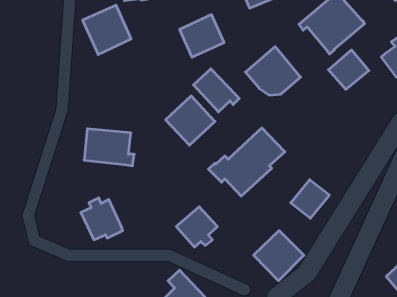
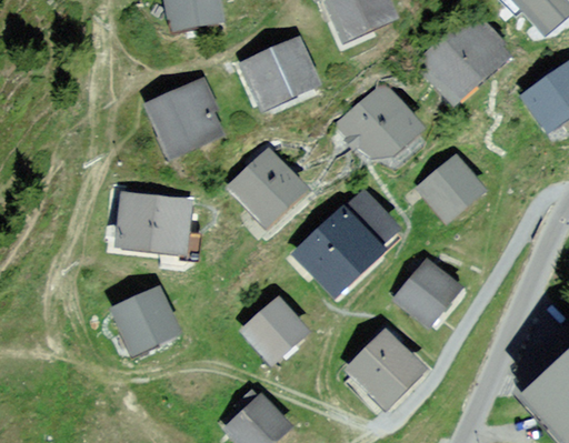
building: [83,5,131,55] -> [151,87,217,153]
building: [328,50,369,89] -> [423,162,478,215]
building: [193,69,239,112] -> none

